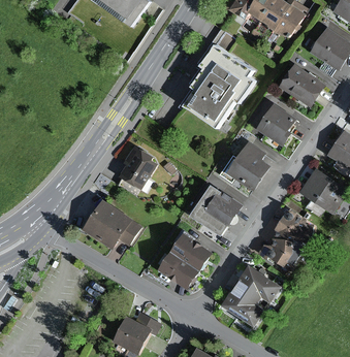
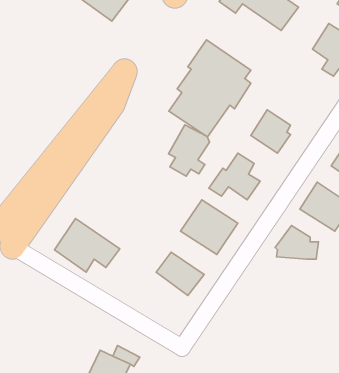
building: [279,66,320,104] -> none
building: [118,147,154,192] -> [169,125,209,176]
building: [262,235,306,269] -> none
building: [159,249,200,288] -> none
building: [221,267,276,324] -> none

